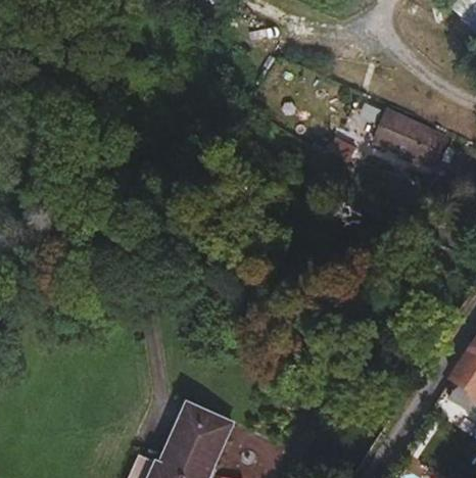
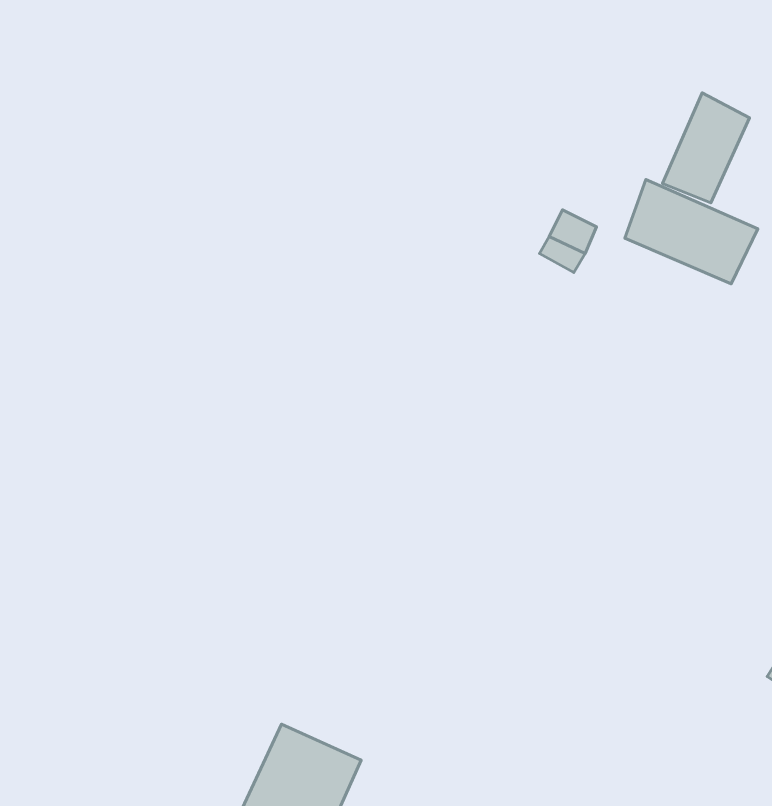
building: none -> [662,93,749,203]

